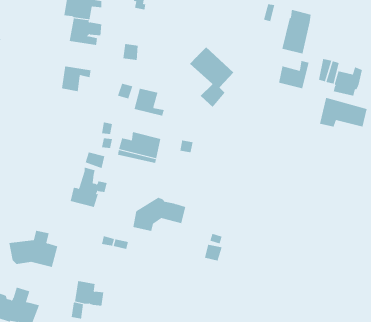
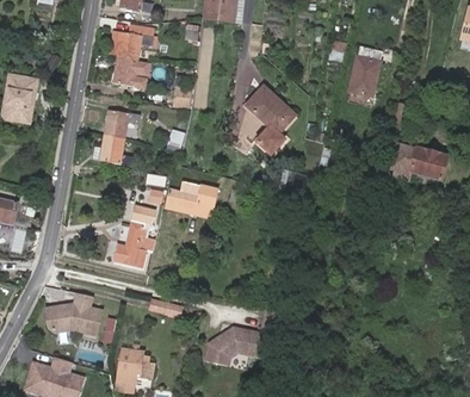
building: [278,60,309,89] -> none
building: [333,66,363,97] -> none
building: [134,88,164,117] -> none
building: none -> [93,134,132,165]
building: [132,197,186,231] -> [205,324,265,362]

